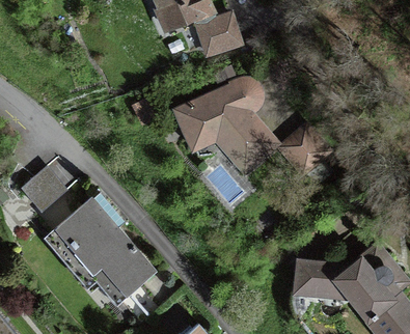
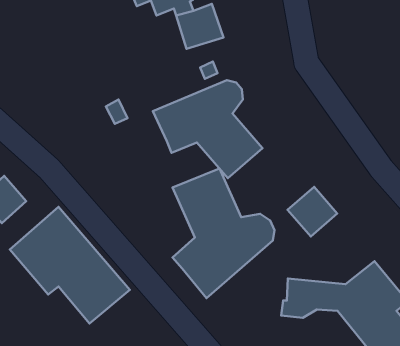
building: [281,128,326,172] -> [288,187,337,236]
building: none -> [172,168,275,298]

